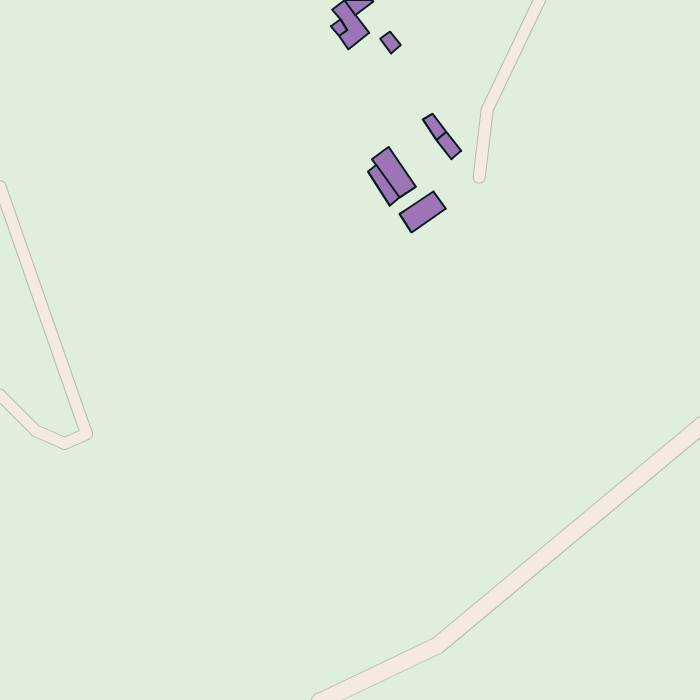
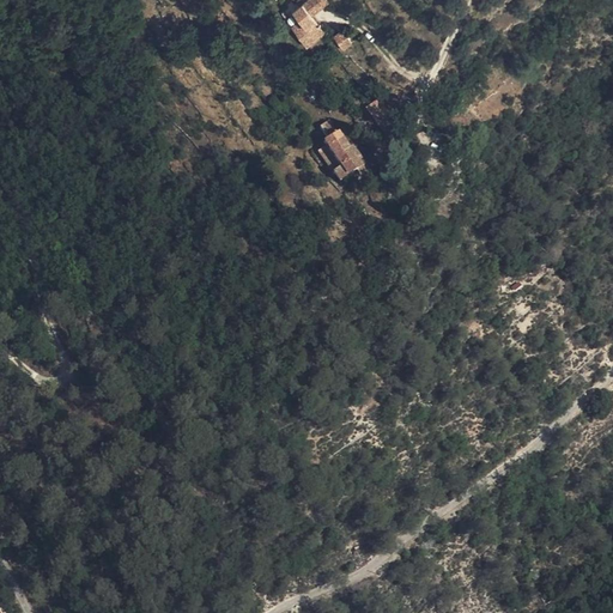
building: [400,191,446,232] -> none

